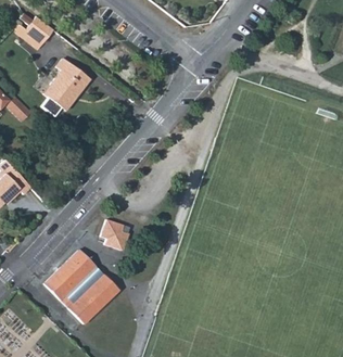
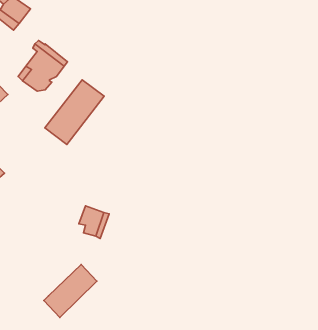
building: none -> [45,80,104,144]
building: [43,251,94,307] -> none

